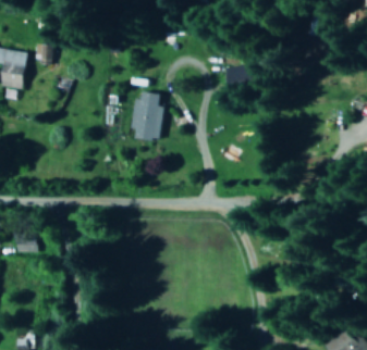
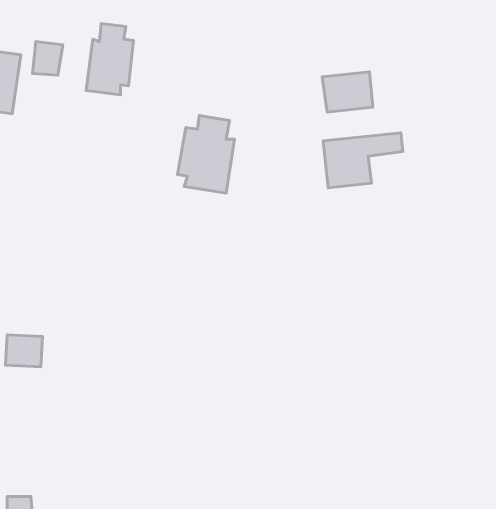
building: none -> [86,24,134,95]
building: none -> [323,133,403,188]

